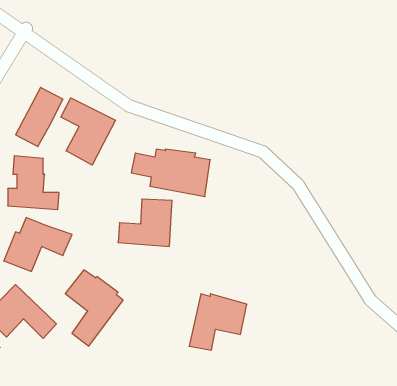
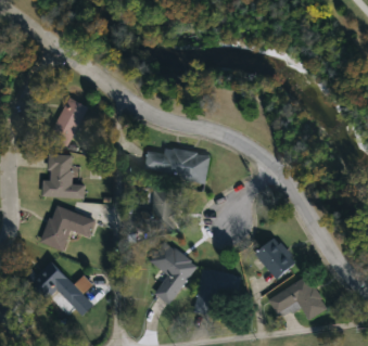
building: [61,98,116,165] -> none
building: none -> [255,239,295,280]
building: [65,270,123,346] -> [149,242,196,305]
building: none -> [268,275,327,321]

